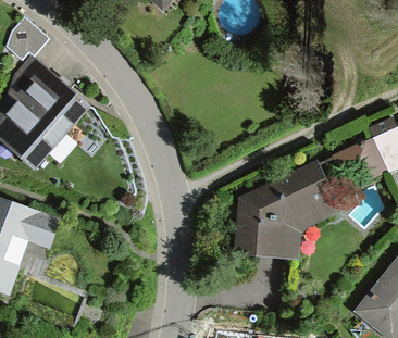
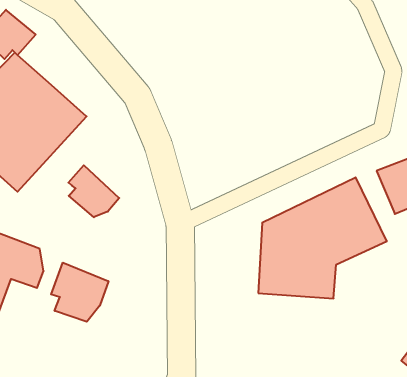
building: none -> [68,165,119,217]
building: none -> [51,263,108,322]

